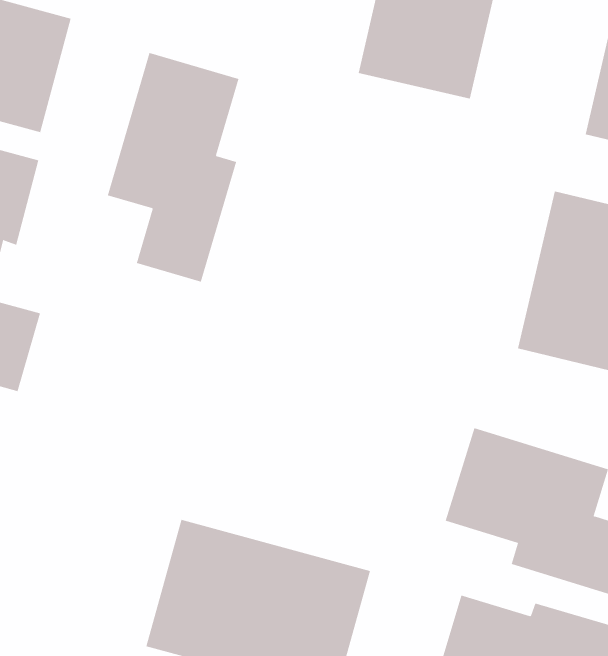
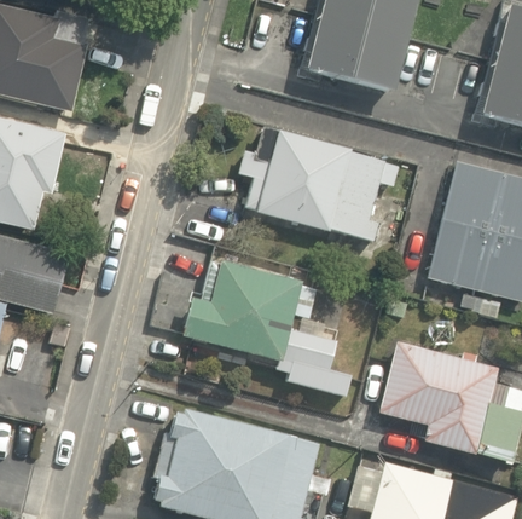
building: [107,52,239,283] -> none
building: none -> [237,127,400,246]
building: none -> [181,255,354,396]

